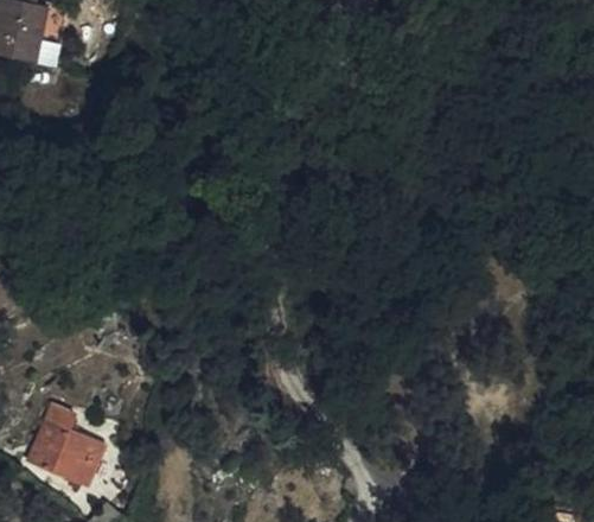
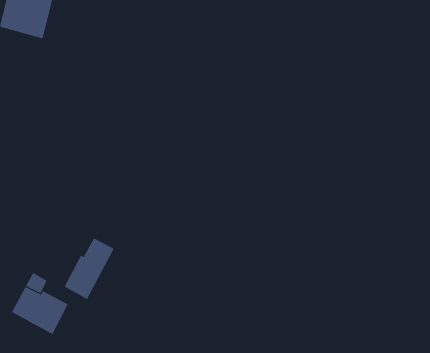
building: none -> [64,237,115,300]

